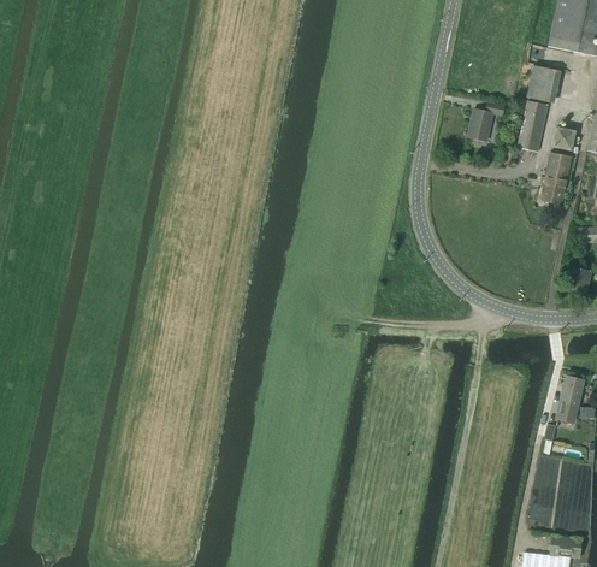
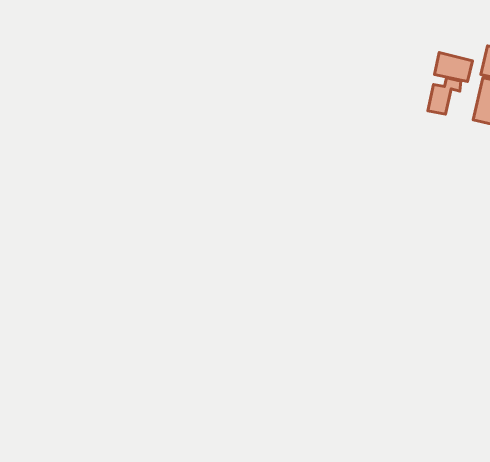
building: none -> [434,53,472,81]

